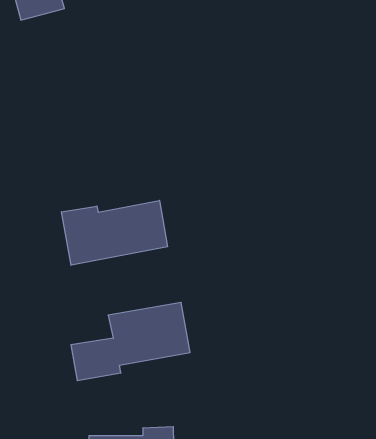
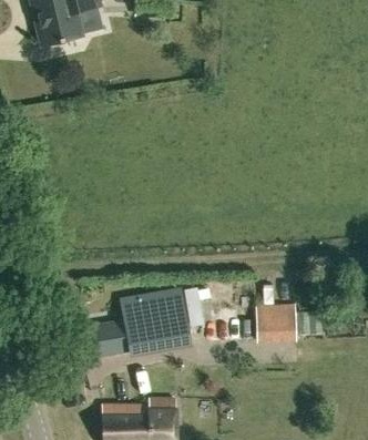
building: [62,200,167,265] -> none
building: none -> [267,304,305,341]

